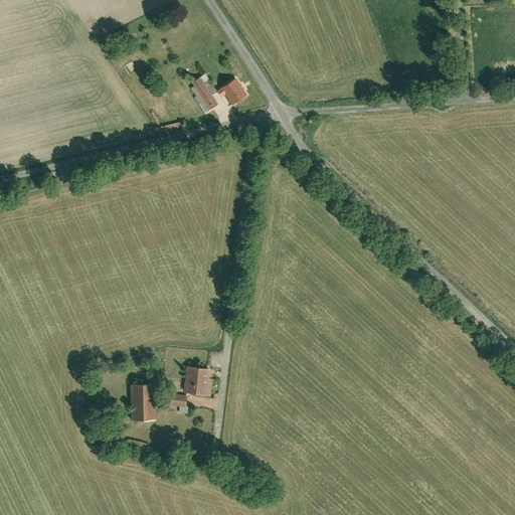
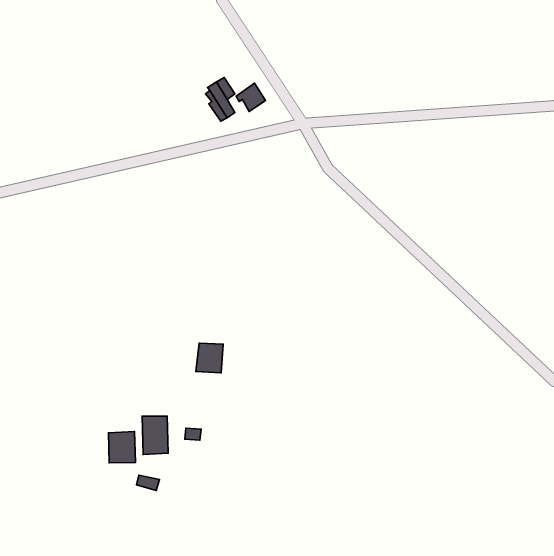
building: [184,368,209,395] -> [196,343,223,373]
building: none -> [108,432,135,463]

